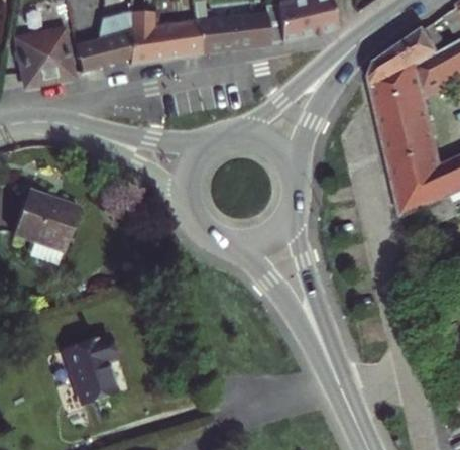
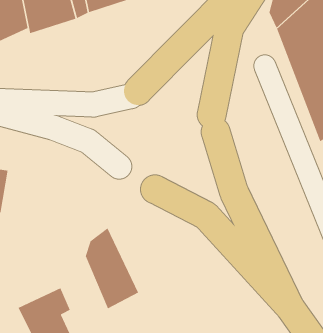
building: none -> [85,227,139,309]

